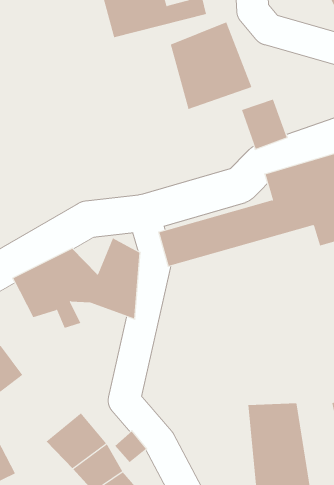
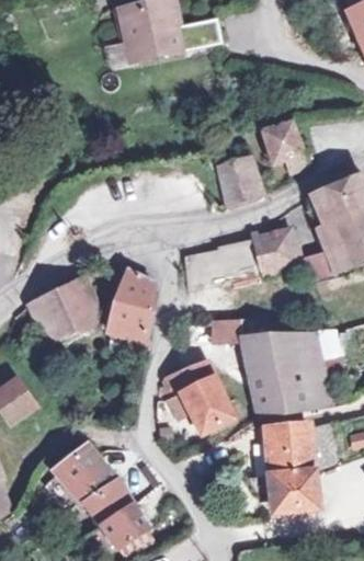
building: [170,22,252,110] -> none
building: none -> [207,150,260,202]
building: none -> [212,317,343,409]
building: none -> [158,358,236,440]

